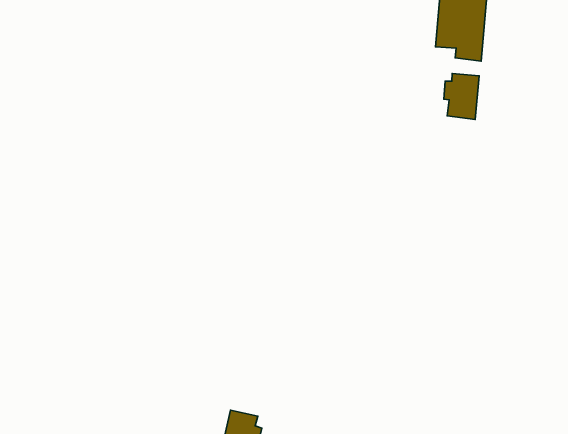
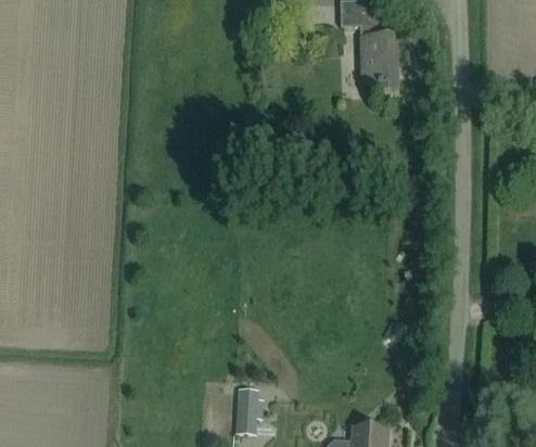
building: [444,74,479,119] -> none

